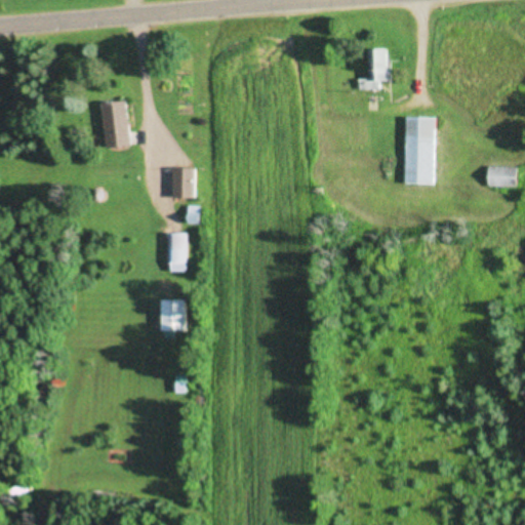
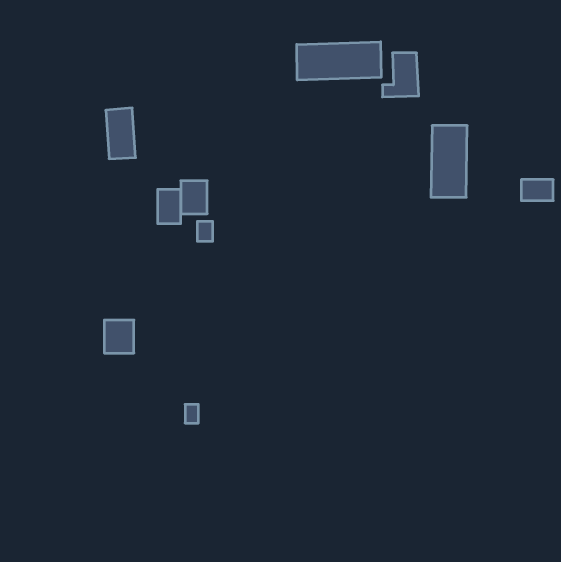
building: none -> [297,42,381,80]
building: [167,234,189,266] -> [158,189,181,224]
building: [159,300,187,331] -> [104,320,134,353]

